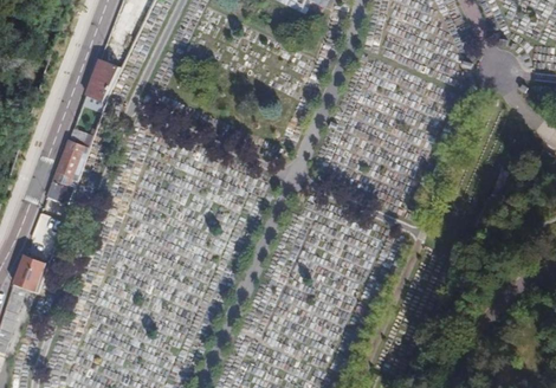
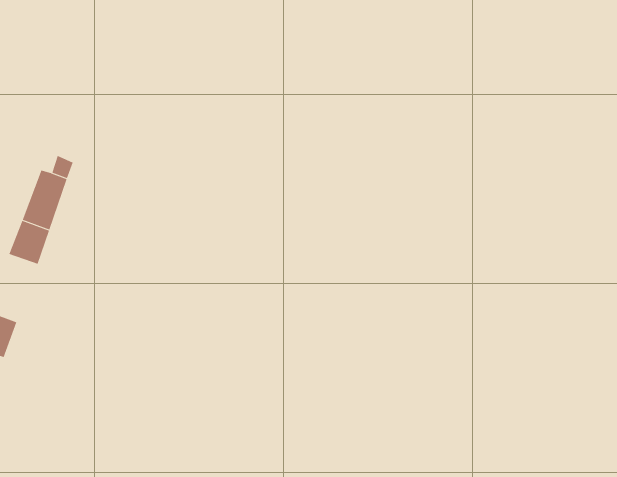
building: [82,60,117,103] -> none

